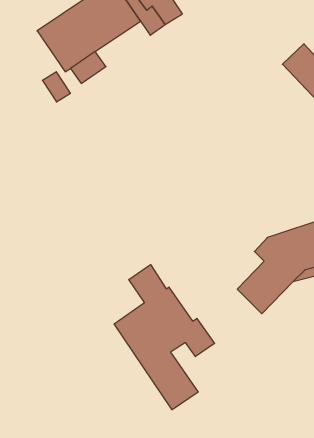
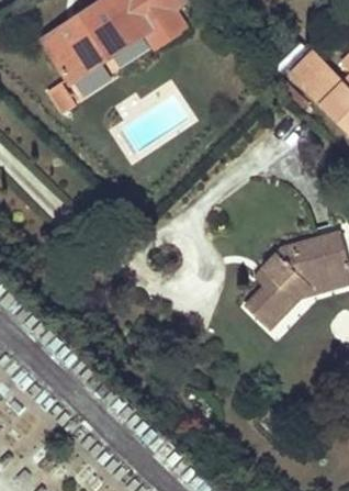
building: [114,265,215,410] -> none

